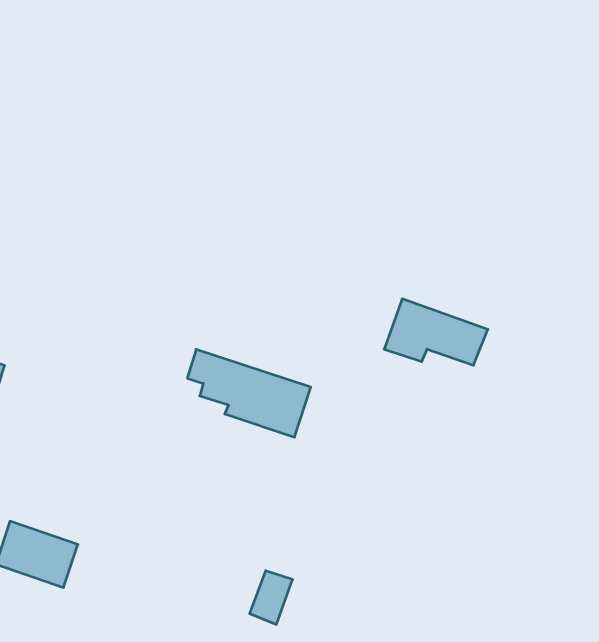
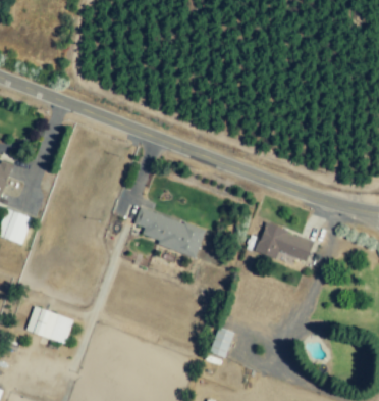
building: [384,299,488,365] -> [255,223,314,261]
building: [250,571,293,624] -> [209,328,233,358]

